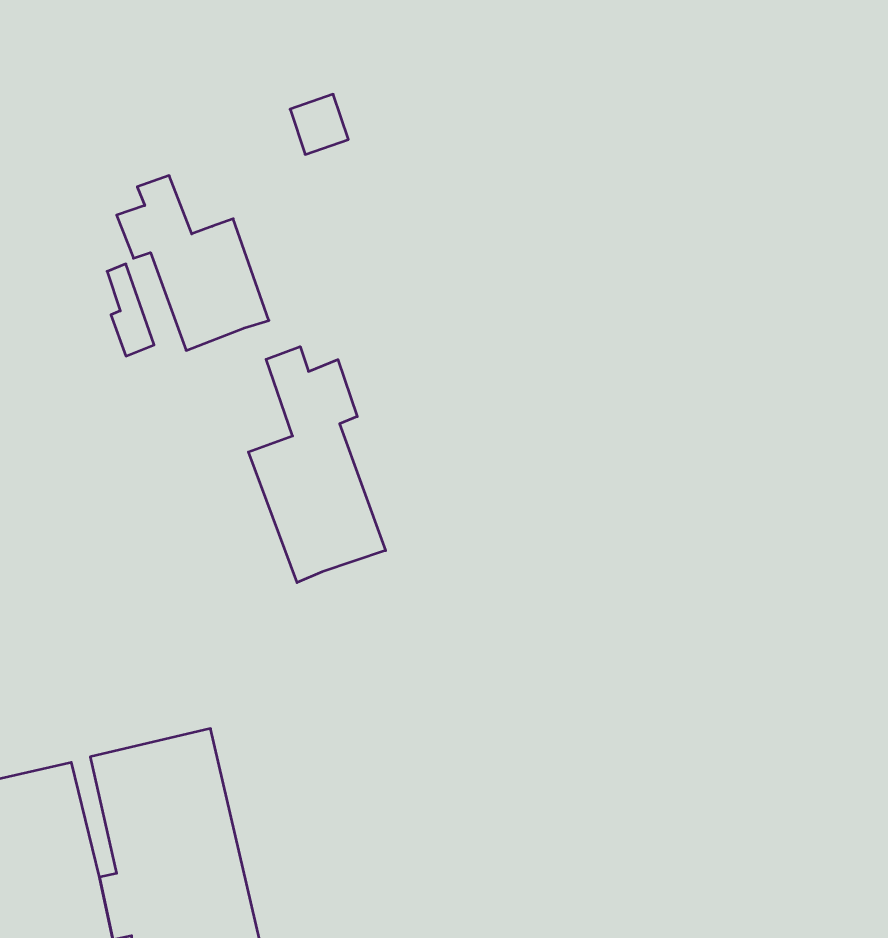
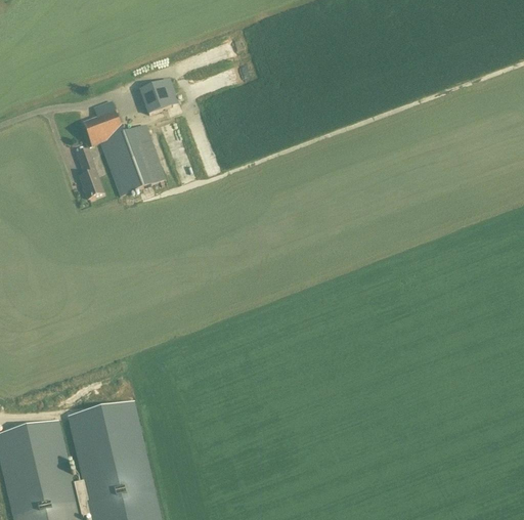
building: [290,94,348,154] -> [140,81,172,114]
building: [248,347,386,583] -> none

